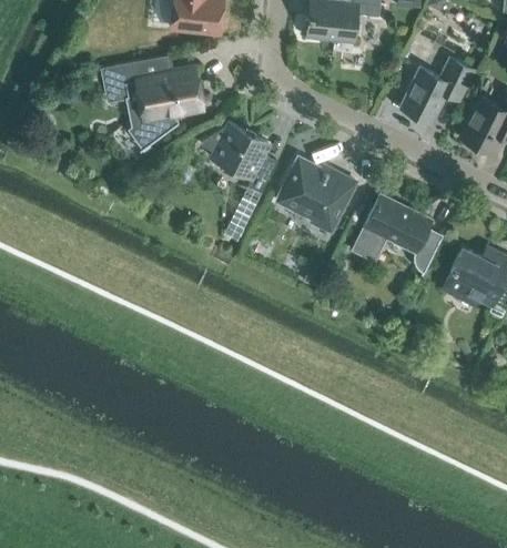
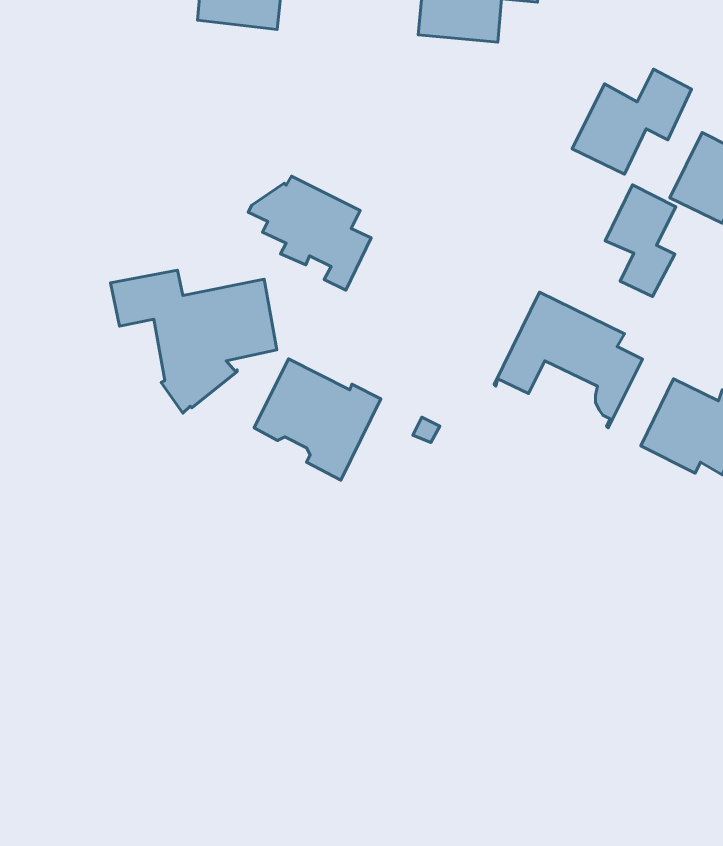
building: [100,61,202,149] -> [110,270,277,413]
building: none -> [605,185,676,296]
building: [277,158,355,232] -> [254,359,381,480]

